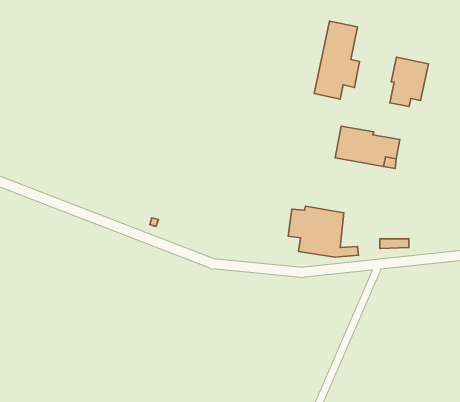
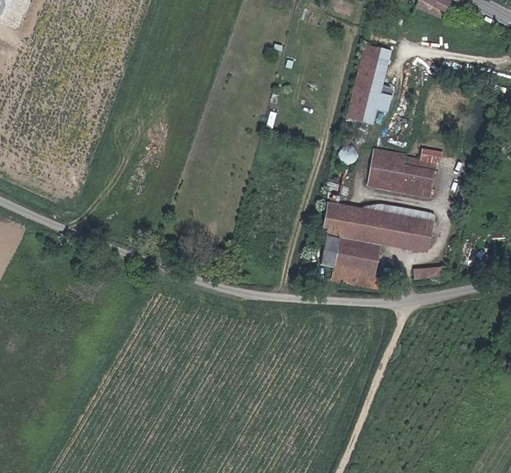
building: [390,57,428,107] -> none
building: none -> [320,202,432,249]

